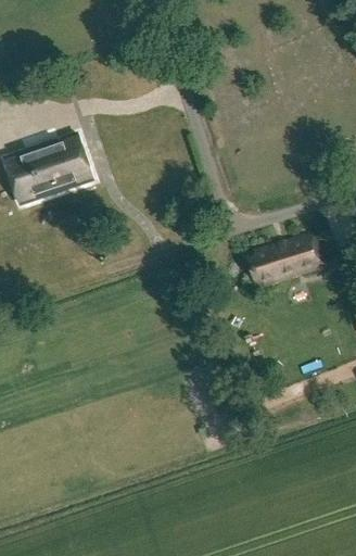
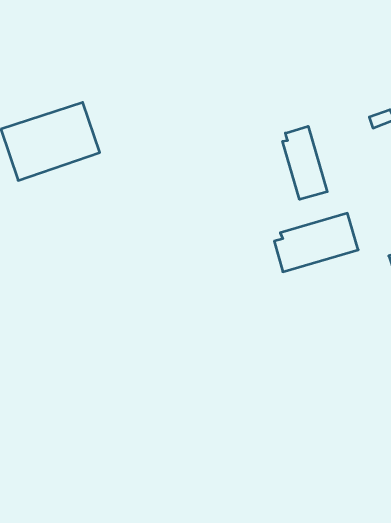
building: none -> [283,126,327,199]

